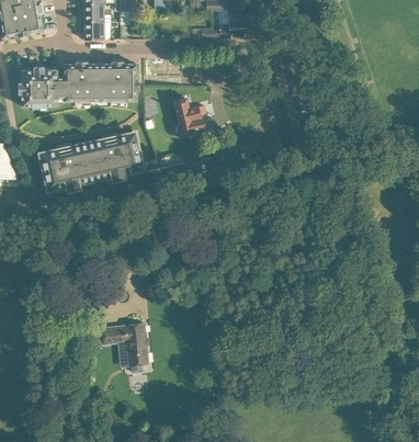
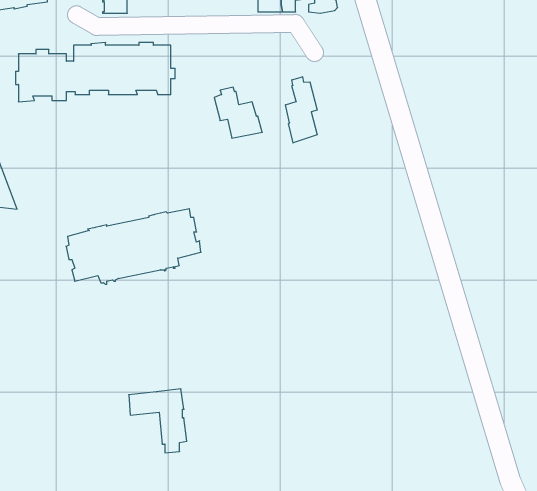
building: none -> [286,77,317,143]
building: [39,134,141,191] -> [66,209,201,284]

